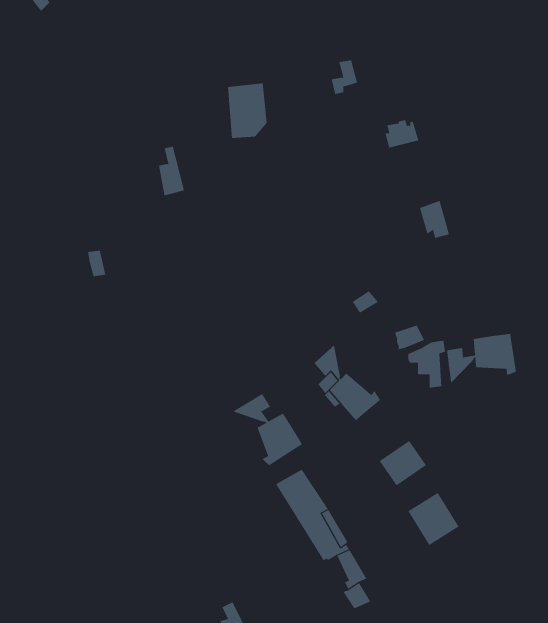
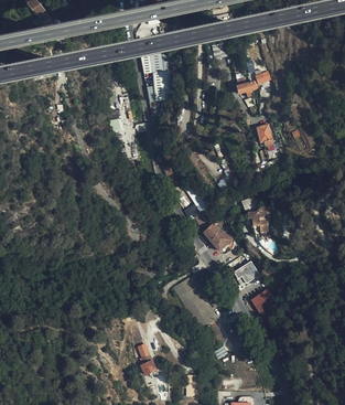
building: [446,333,516,384] -> none
building: [232,393,303,466] -> none

